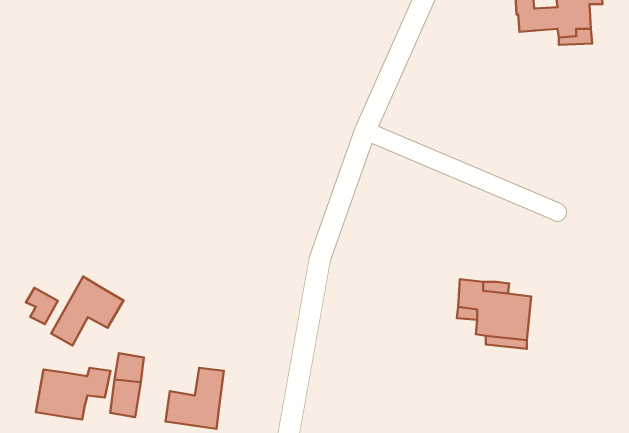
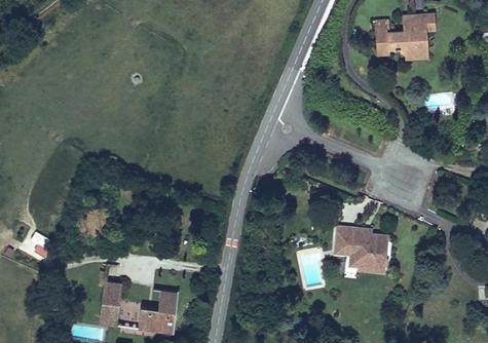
building: [51,276,123,345] -> none
building: [36,368,111,420] -> none

